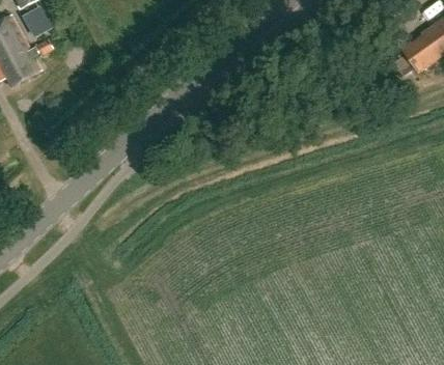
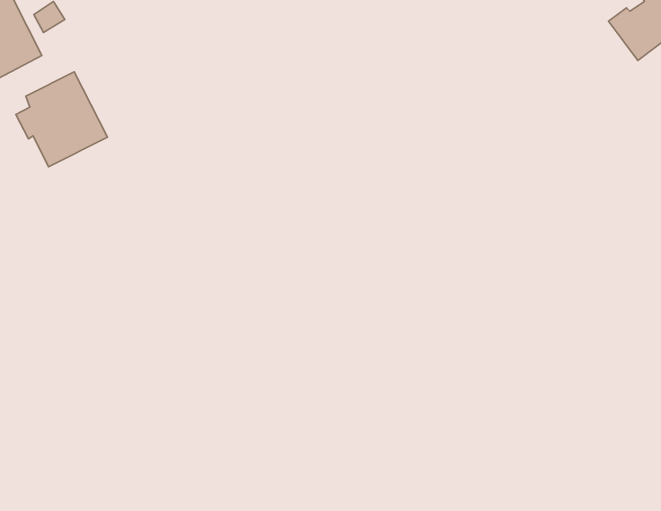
building: none -> [16,72,107,167]

